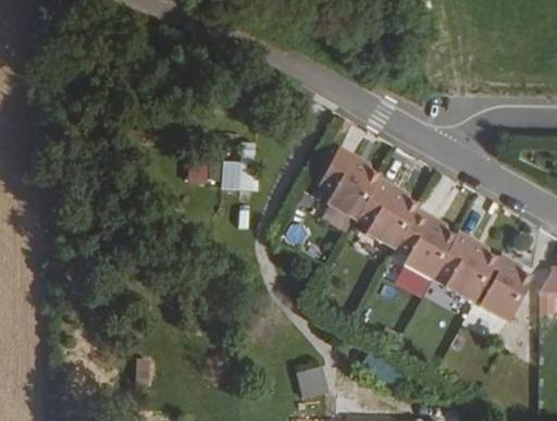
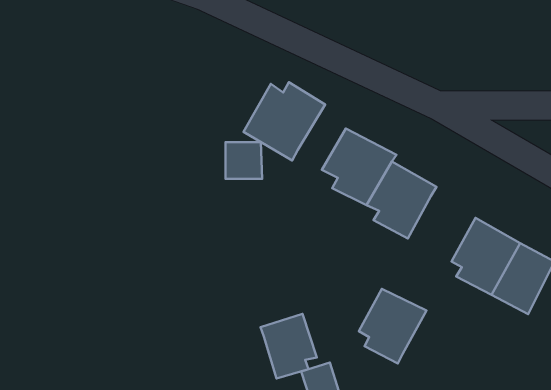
building: none -> [243,82,325,160]
building: [394,209,458,280] -> [359,289,427,363]
building: none -> [260,314,317,379]

